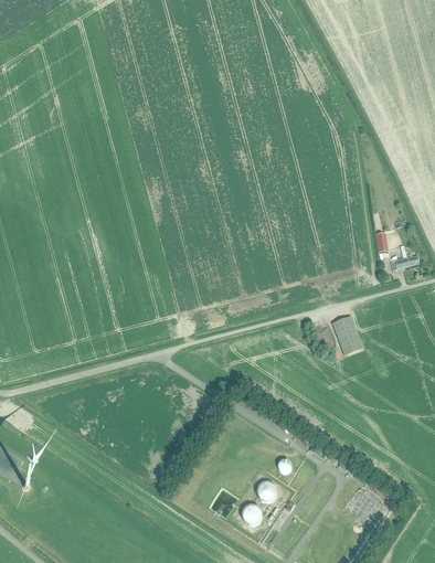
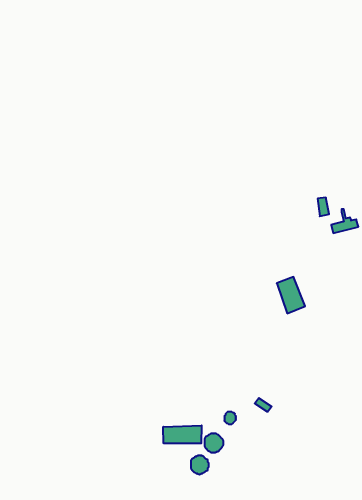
building: none -> [163,425,202,443]

